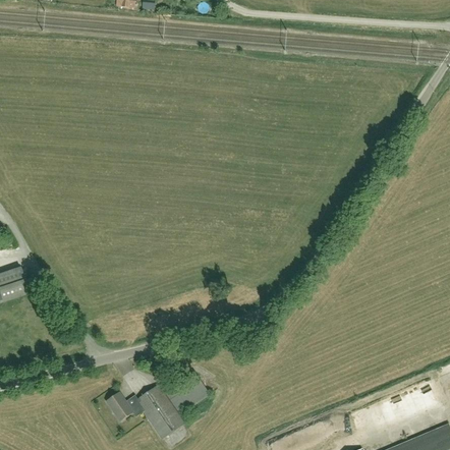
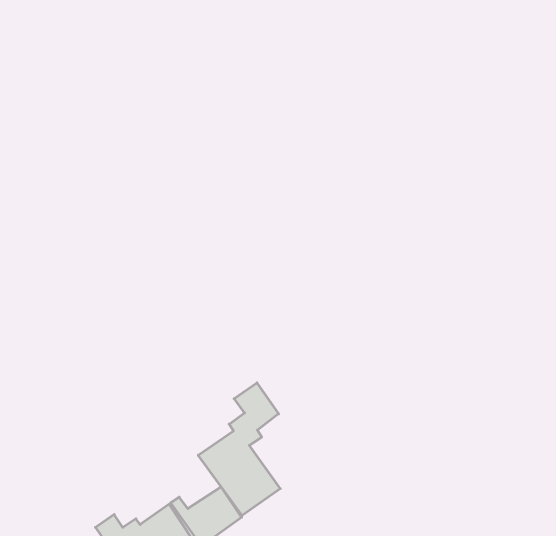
building: none -> [198,383,280,516]

